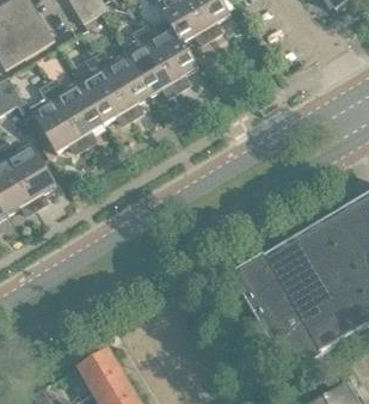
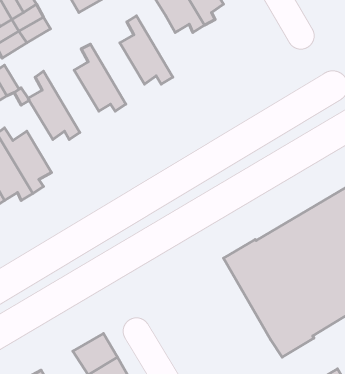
building: [141,22,197,88] -> none
building: [94,49,149,116] -> none
building: [47,78,103,145] -> none

